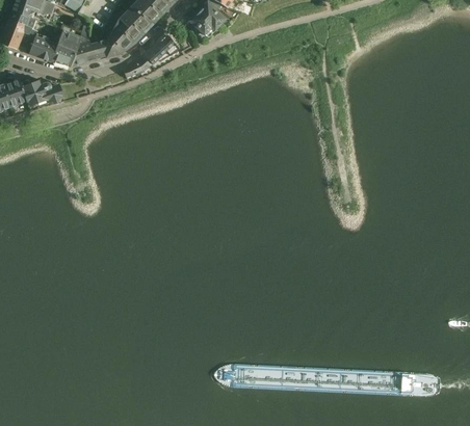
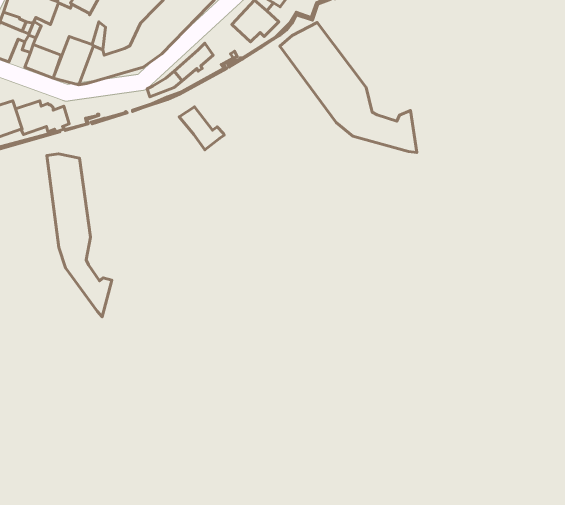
building: none -> [280,23,417,152]
building: none -> [179,107,224,150]
building: none -> [47,154,112,317]

